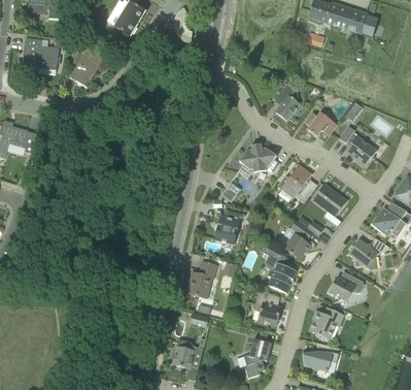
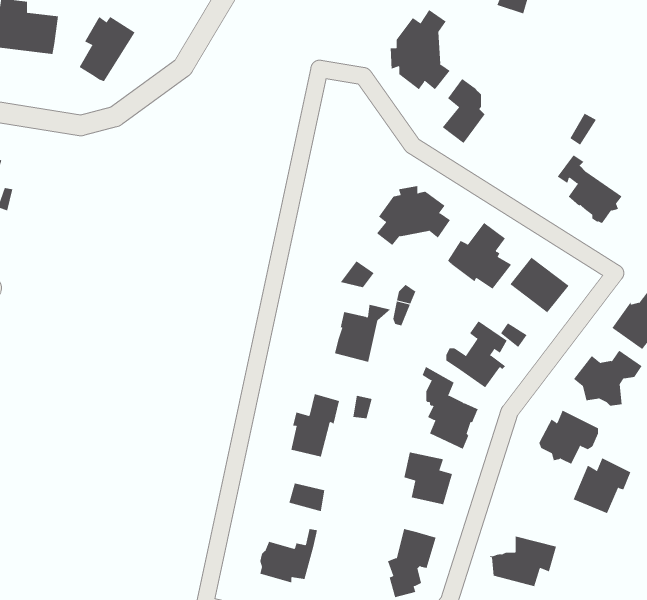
building: none -> [390,9,450,90]
building: [305,111,337,135] -> none
building: [310,306,343,338] -> [573,457,631,514]

